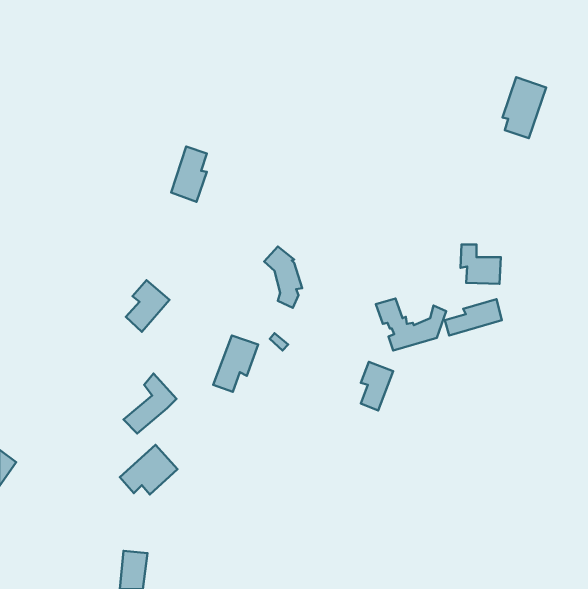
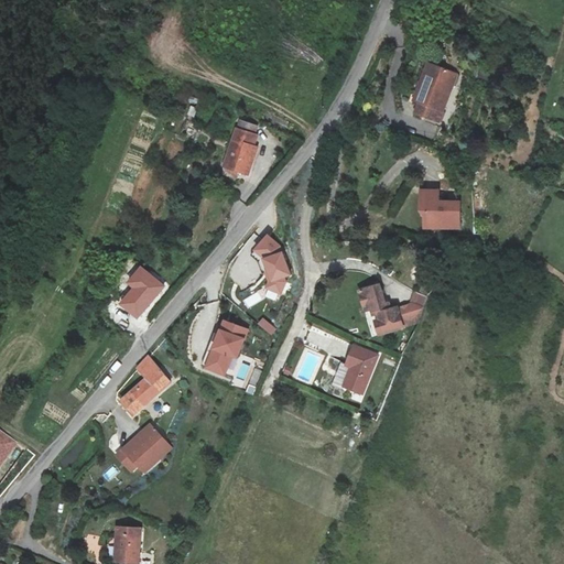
building: [502,77,546,138] -> [412,63,454,121]
building: [171,147,207,202] -> [223,121,257,174]
building: [460,245,501,284] -> [414,188,453,226]
building: [445,299,502,335] -> none

